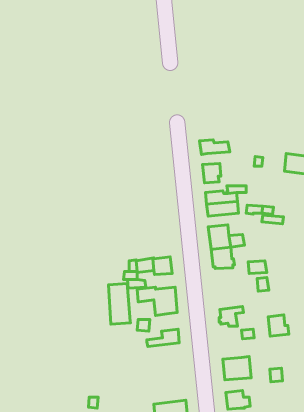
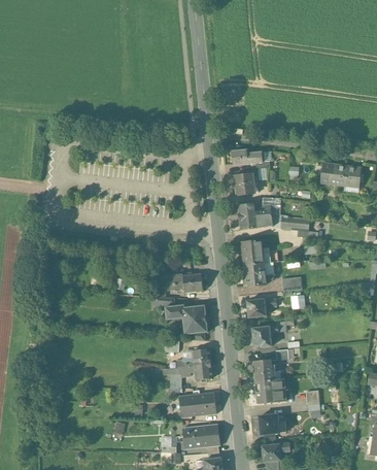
building: none -> [246,299,276,317]
building: [109,284,130,324] -> none
building: [268,315,289,336] -> [253,359,275,381]
building: none -> [176,364,211,380]
building: none -> [179,391,215,416]

